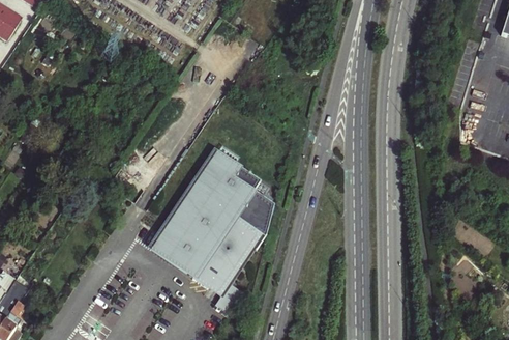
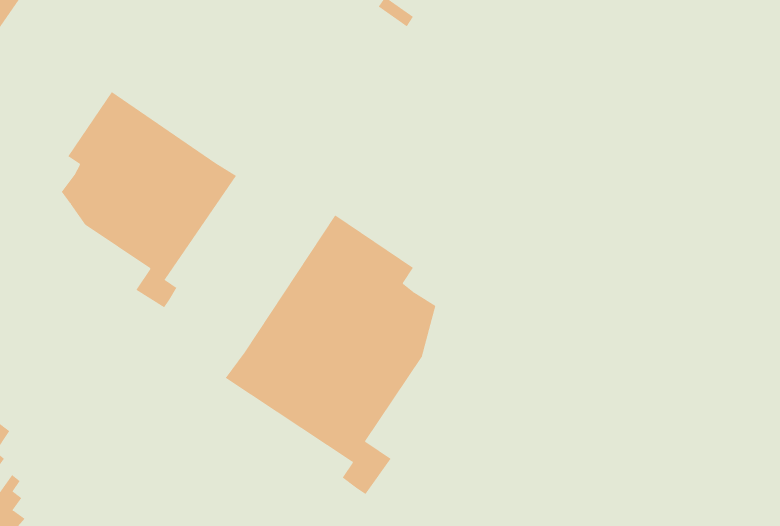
building: none -> [61,91,237,308]

